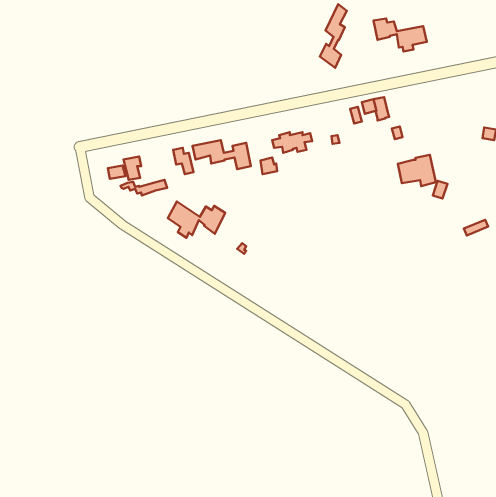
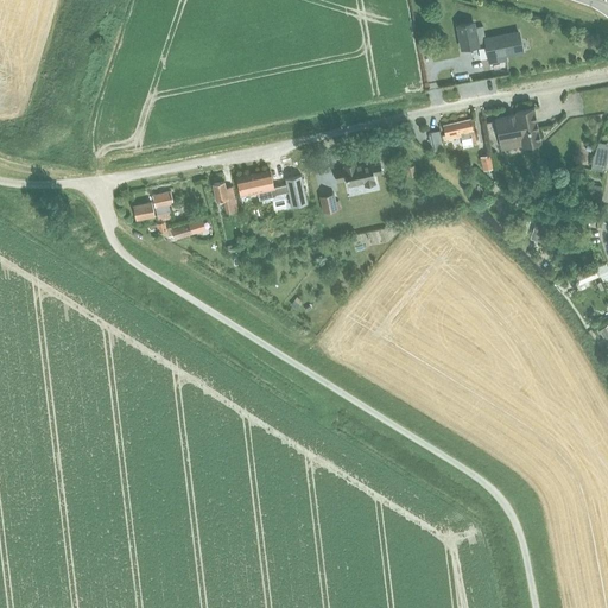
building: [320,4,347,68] -> none
building: [398,155,436,186] -> [493,108,539,146]
building: [168,202,225,238] -> none

